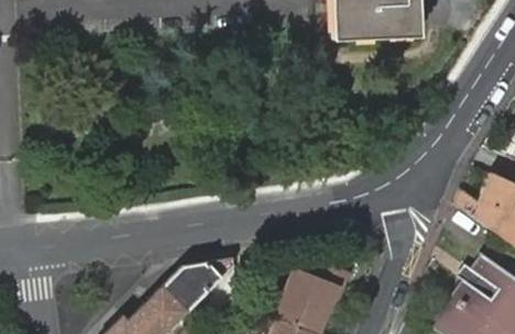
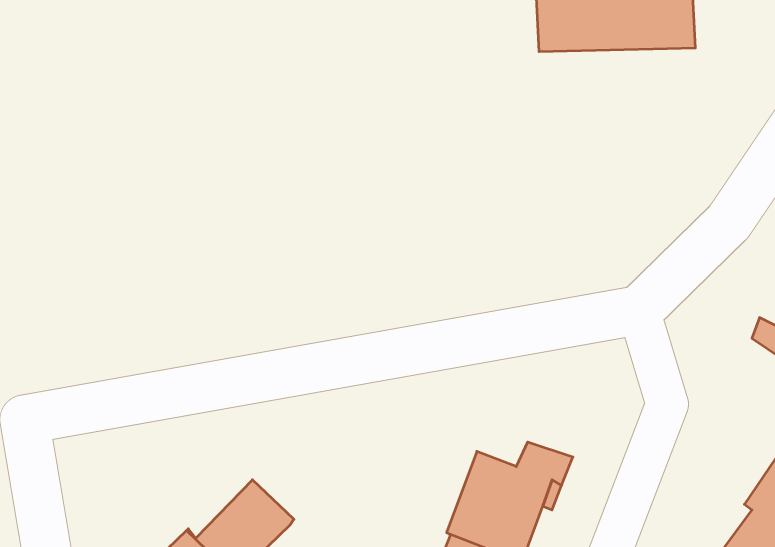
building: [163,257,234,310] -> none

